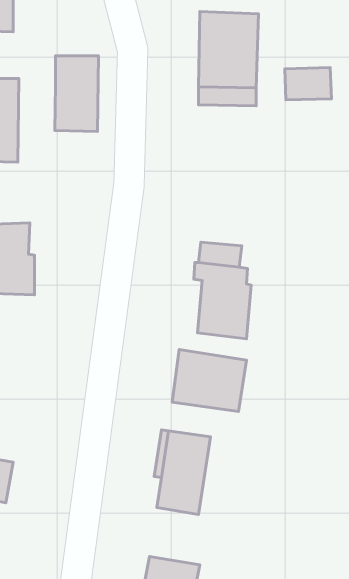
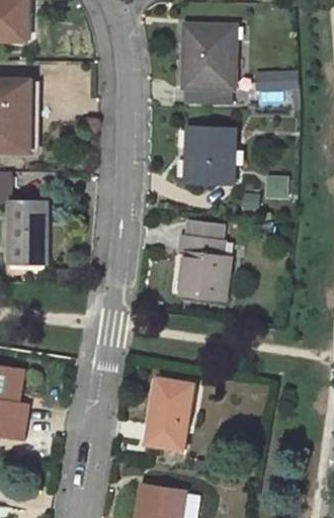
building: [55,56,99,131] -> none
building: none -> [186,128,235,184]
building: [172,350,247,412] -> none

